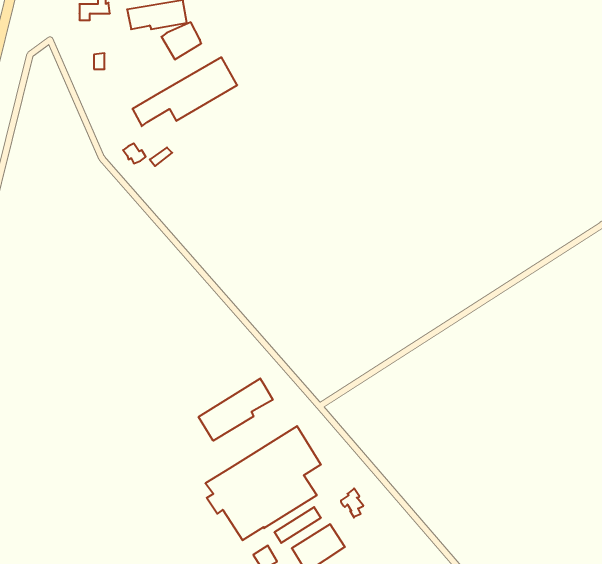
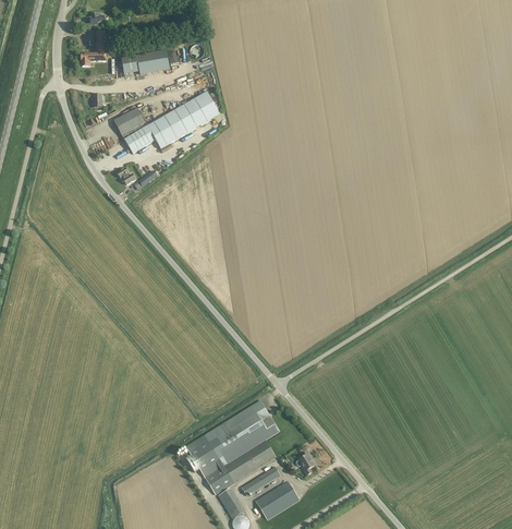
building: [161,22,201,59] -> [114,108,147,139]
building: [199,378,273,441] -> none

